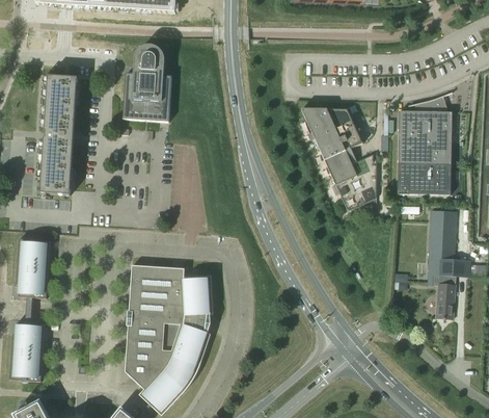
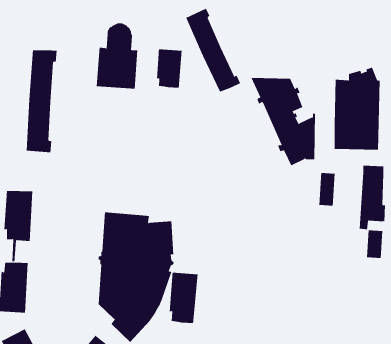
building: none -> [185,8,241,93]
building: none -> [156,48,182,88]
building: none -> [319,172,335,206]
building: none -> [169,272,198,324]

